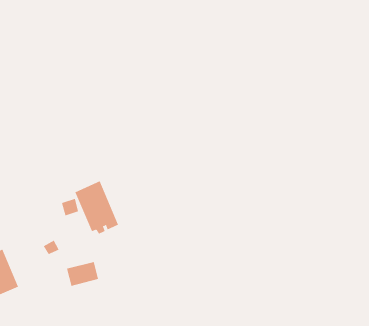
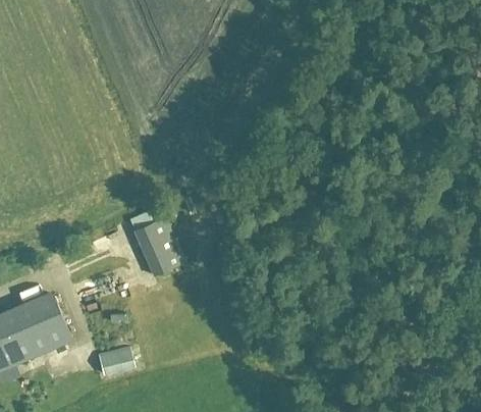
building: [66,262,99,286] -> [96,345,133,373]

